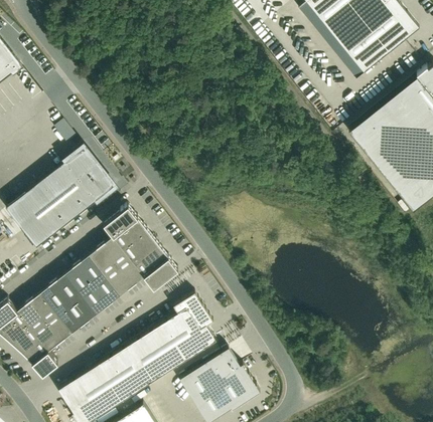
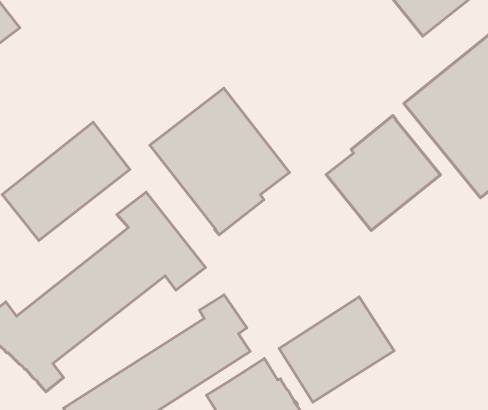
building: none -> [150,88,290,235]
building: none -> [326,115,440,230]
building: none -> [279,297,394,402]

